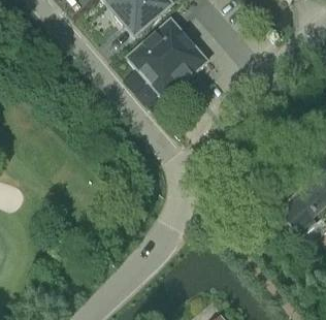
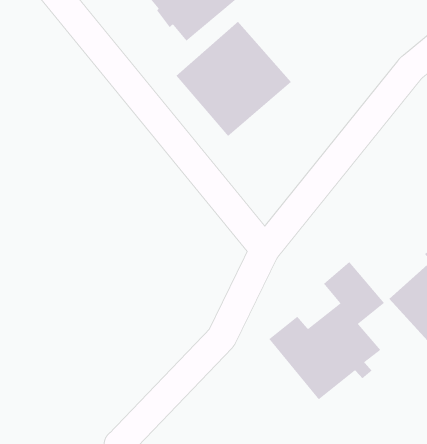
building: none -> [268,261,385,400]

